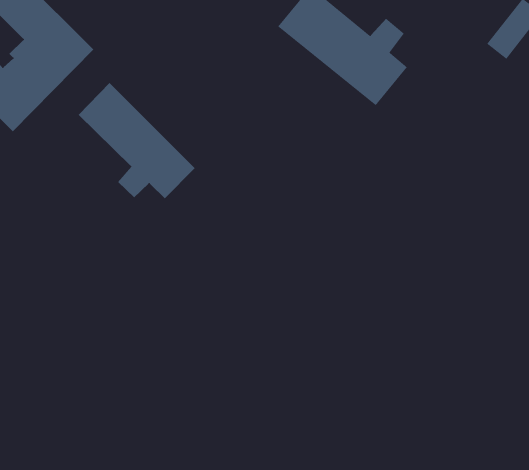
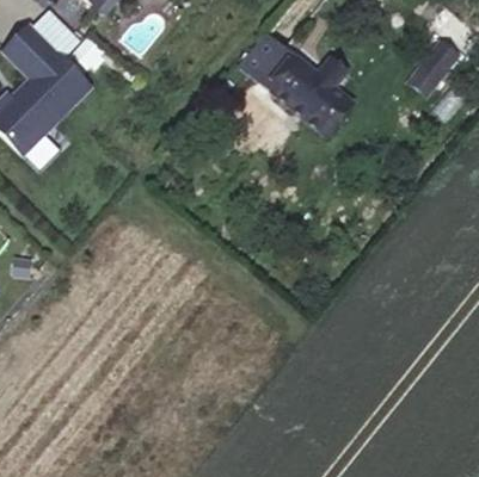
building: [78,82,196,199] -> none

